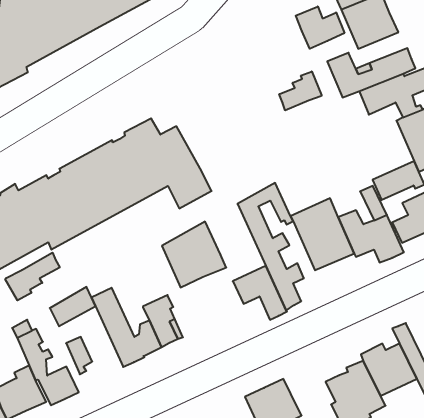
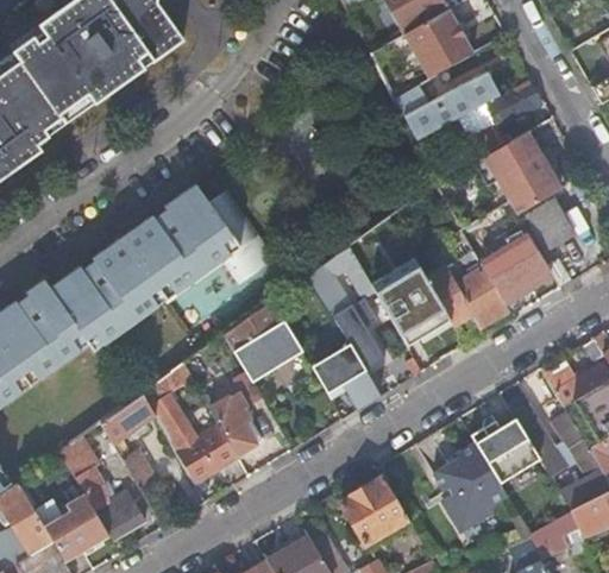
building: [296,6,344,49] -> none
building: [279,71,322,110] -> none
building: [5,253,60,300] -> none

